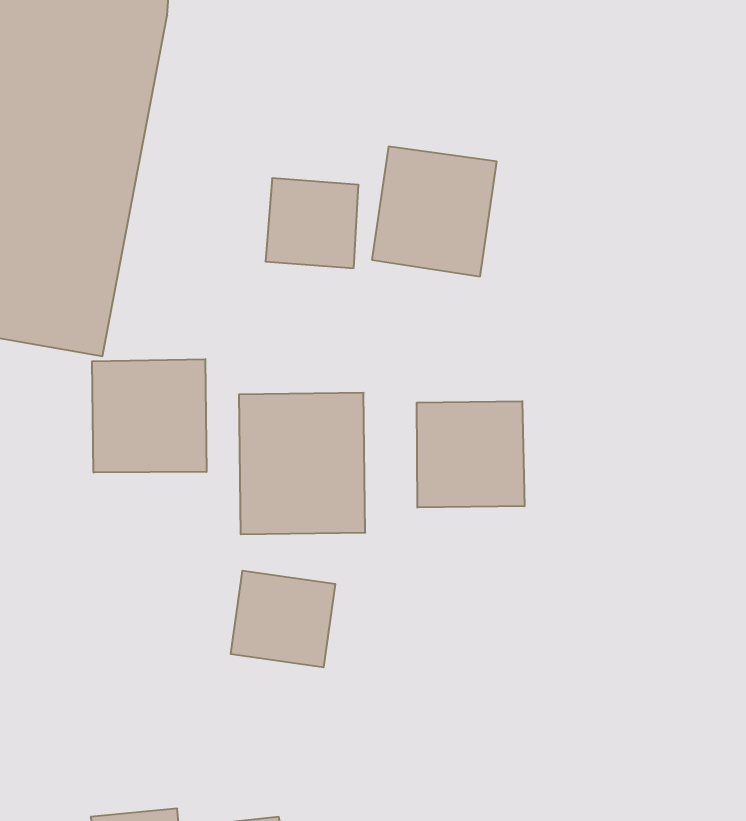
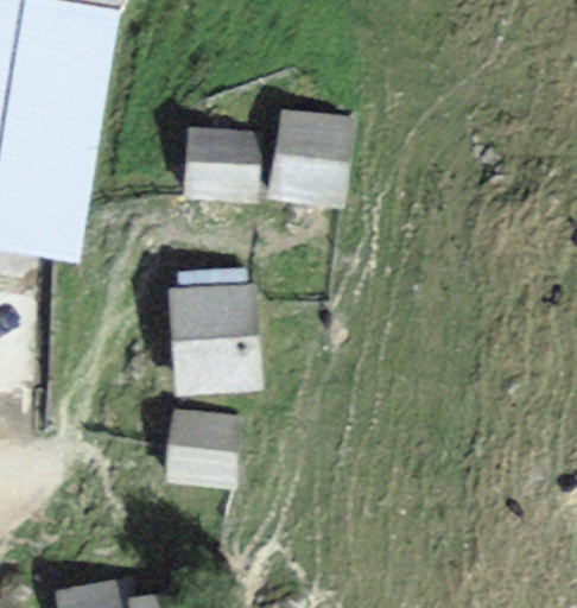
building: [92,359,207,473] -> none
building: [417,401,524,508] -> none

